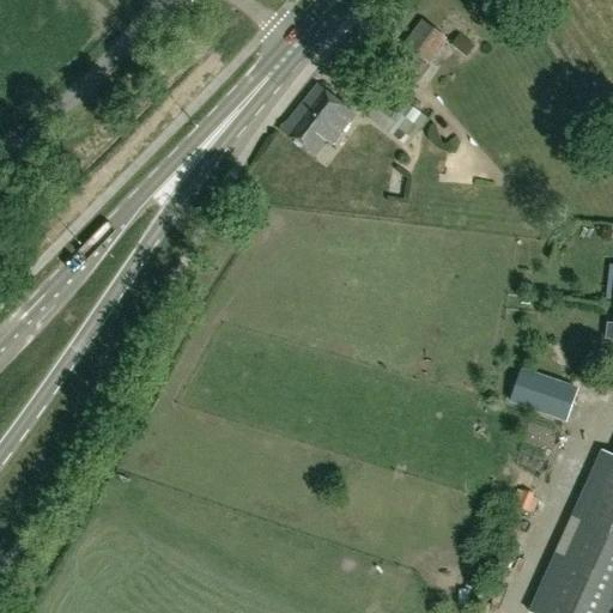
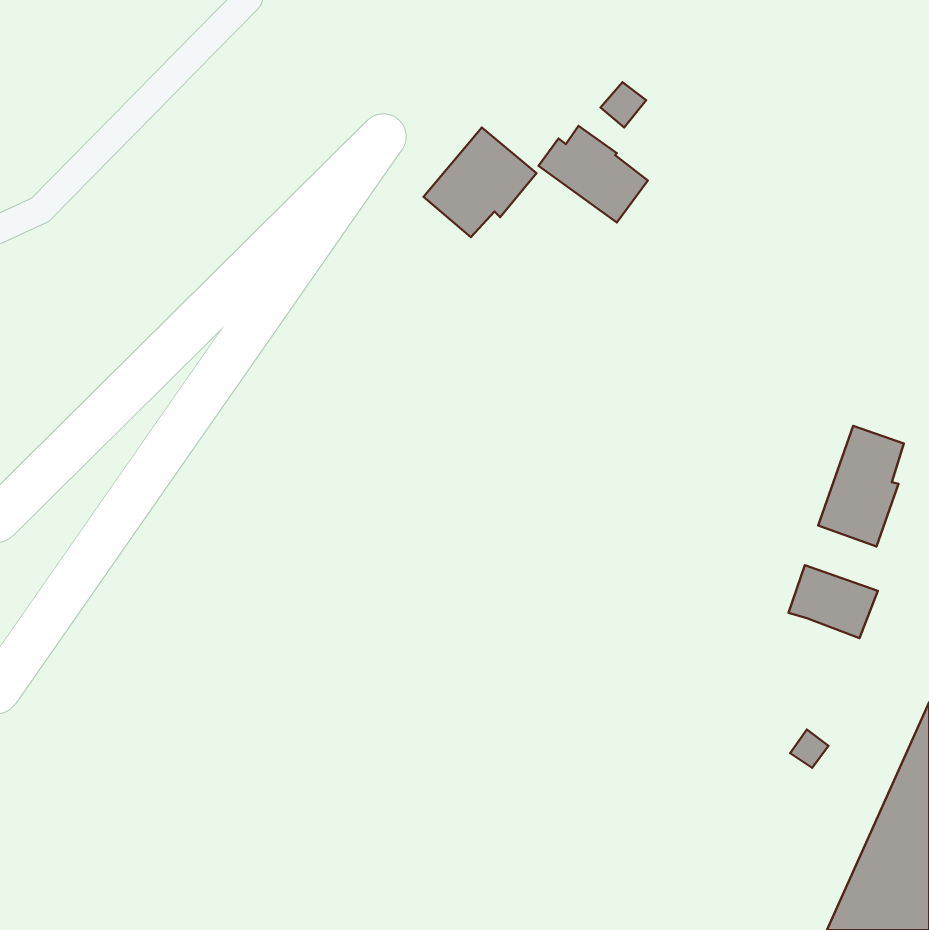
building: [400,18,445,63] -> none
building: none -> [818,426,904,546]

